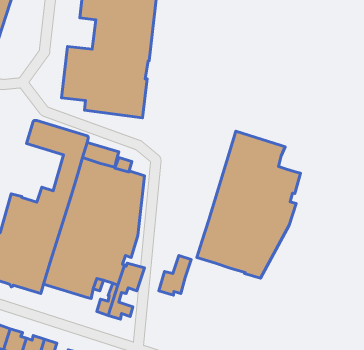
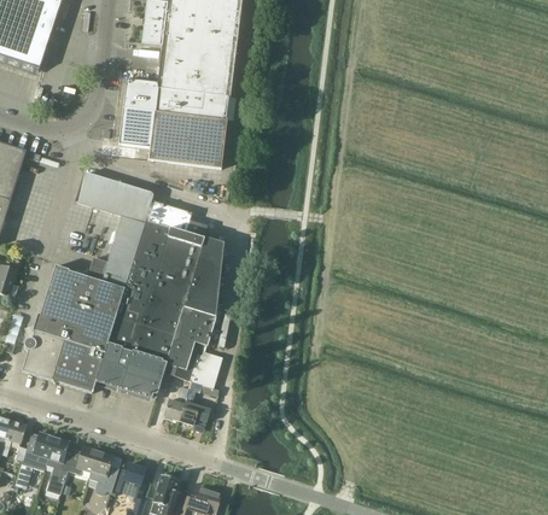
building: [197,131,300,278] -> none
building: [159,256,191,295] -> none

